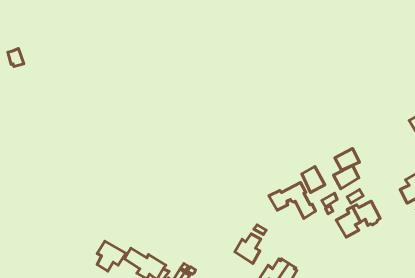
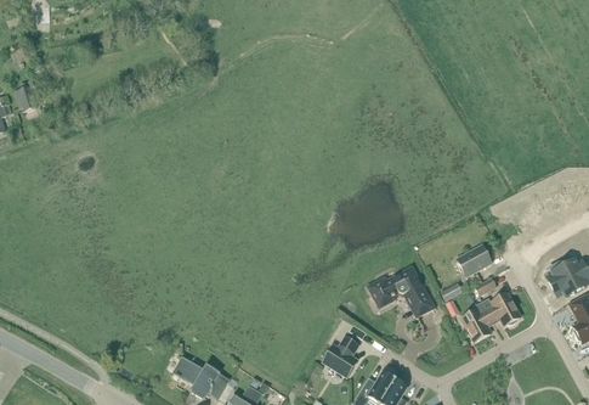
building: [335,148,360,170] -> none
building: [302,167,325,192] -> none
building: [97,241,126,271] -> none

